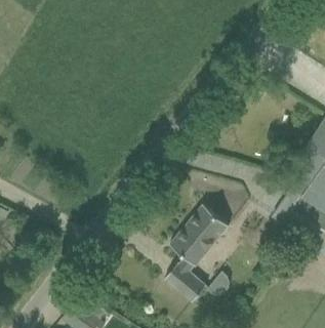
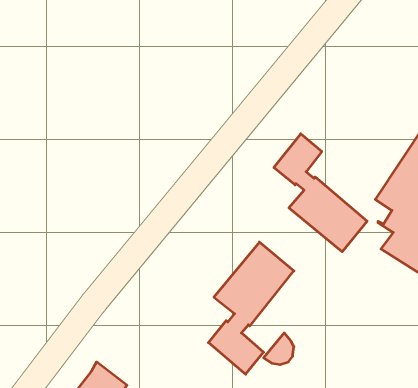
building: none -> [274,134,367,252]

